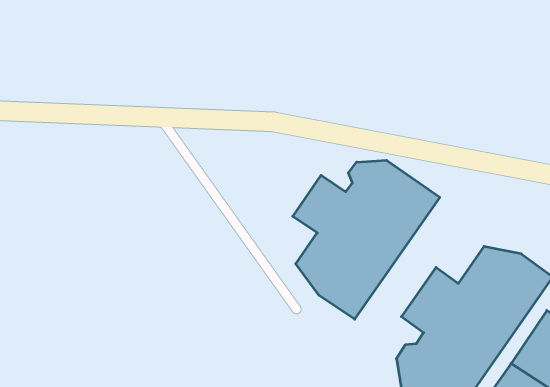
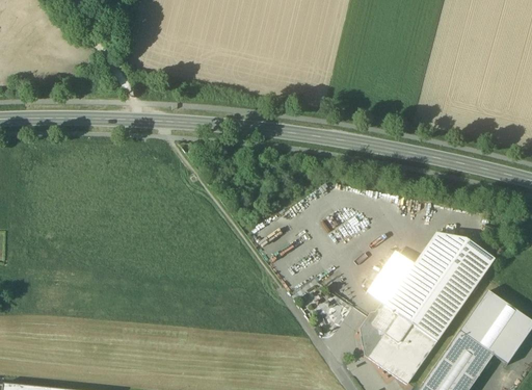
building: [293,160,440,319] -> none

